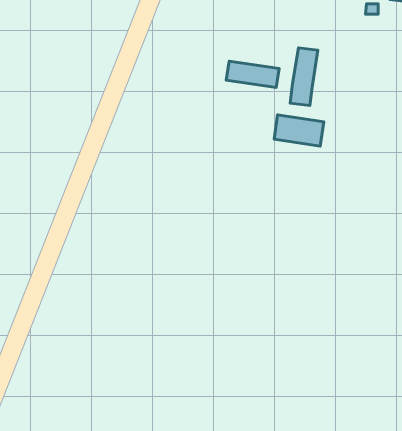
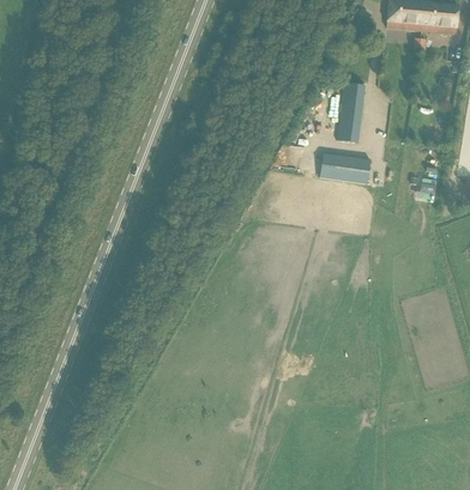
building: [226,61,279,88] -> none

